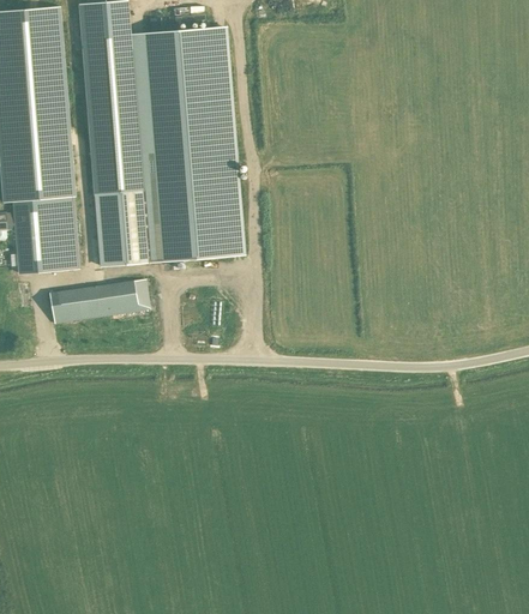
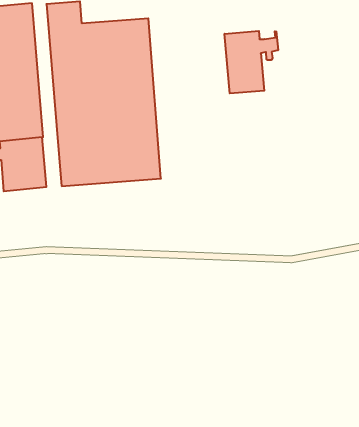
building: none -> [225,31,278,93]
building: [49,277,149,321] -> none

